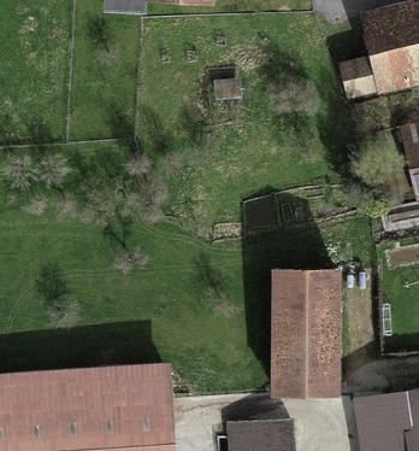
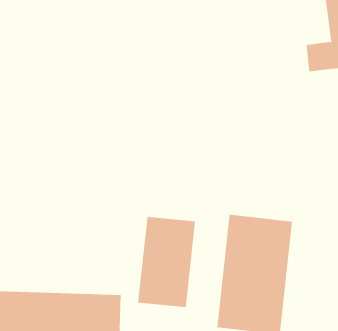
building: none -> [138,216,196,308]

